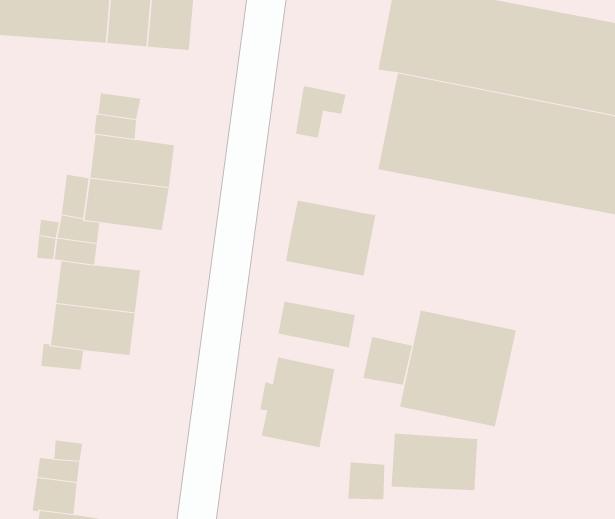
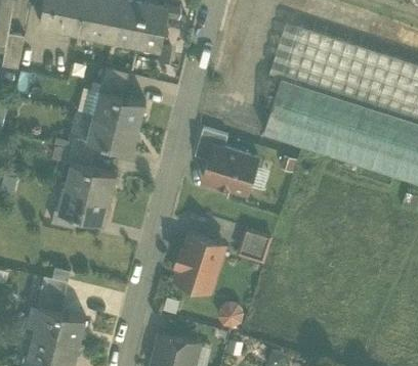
building: [295,86,346,138] -> [194,129,226,161]
building: [278,301,356,348] -> none
building: [399,310,517,427] -> none
building: [391,433,478,491] -> none

